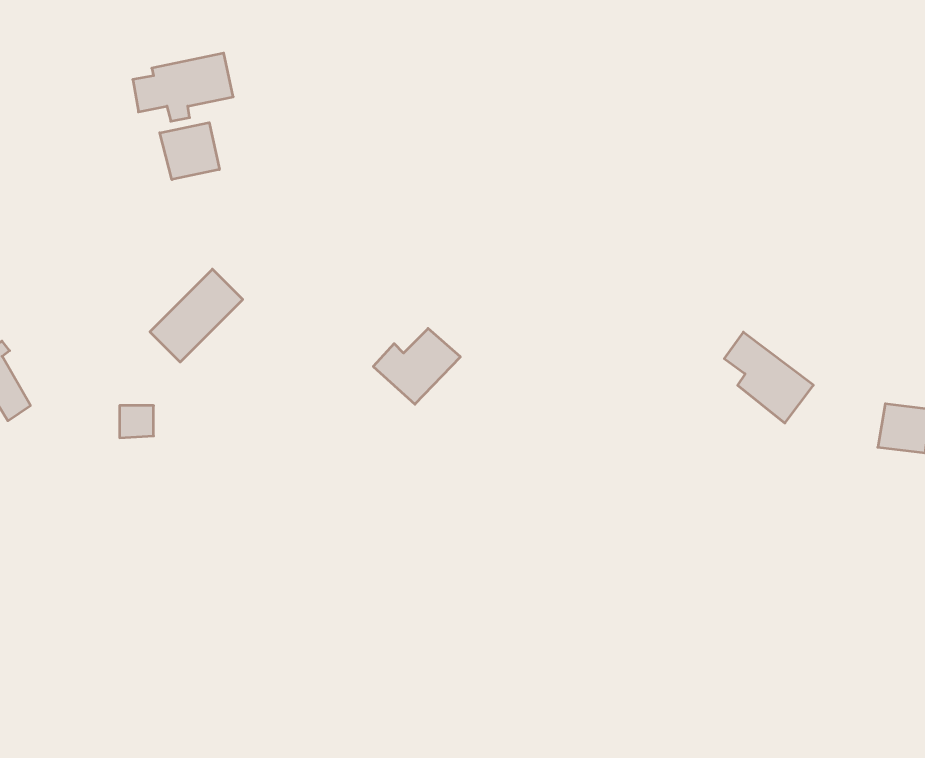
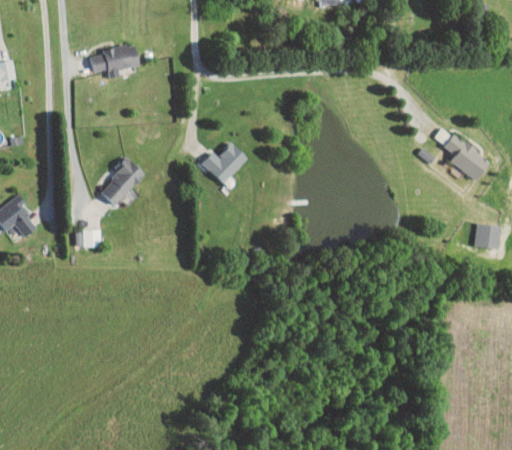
building: [160,123,219,180] -> none
building: [373,328,460,404] -> [205,146,251,186]
building: [724,332,813,423] -> [447,136,494,184]

